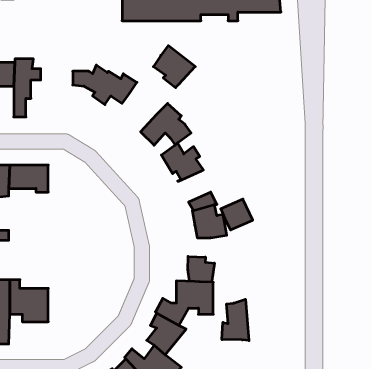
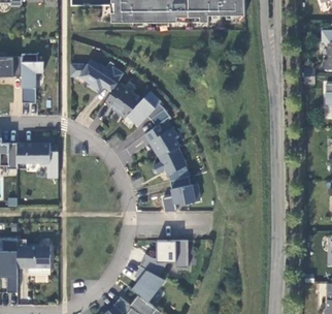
building: [153,46,195,88] -> [105,83,140,118]
building: [221,199,253,230] -> [159,148,186,174]
building: [188,256,214,282] -> none
building: [222,299,249,341] -> none

